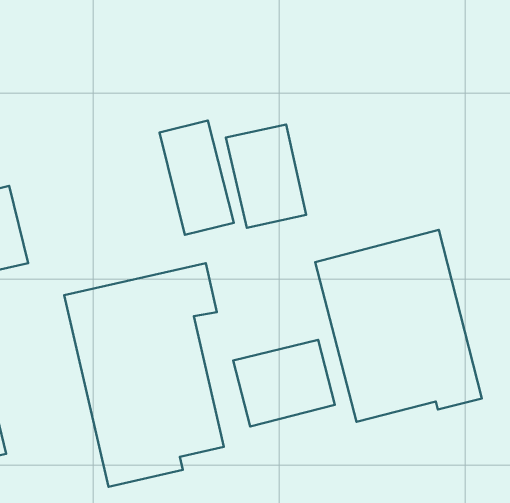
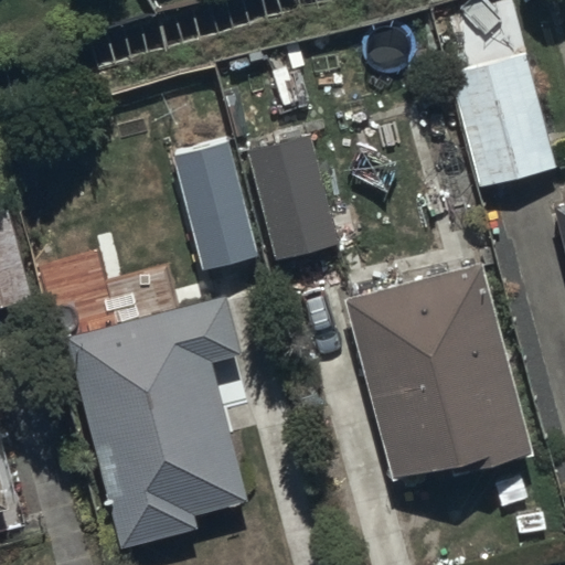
building: none -> [447,54,555,189]
building: [233,340,335,427] -> none

